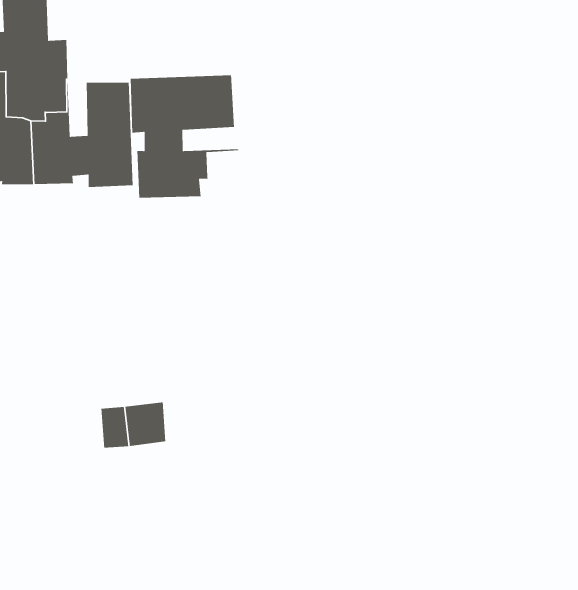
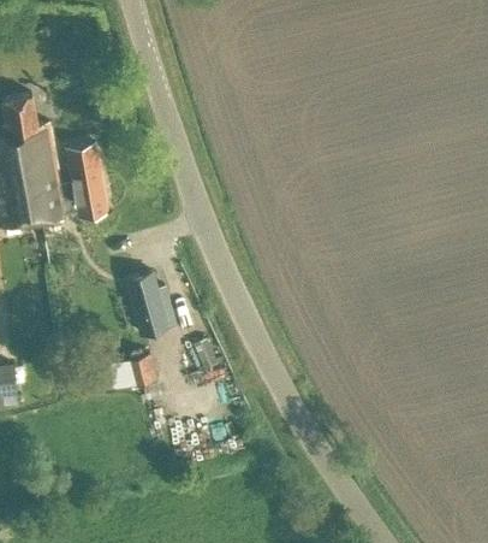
building: [130,75,239,199] -> none
building: none -> [130,272,172,335]

